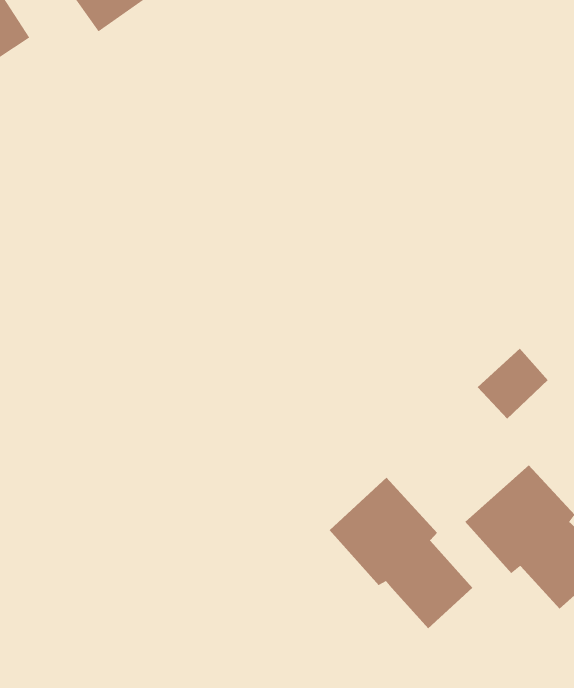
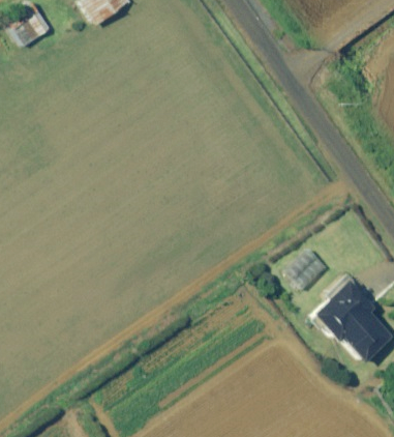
building: [477,348,548,419] -> [286,246,328,288]
building: [329,477,473,629] -> none

